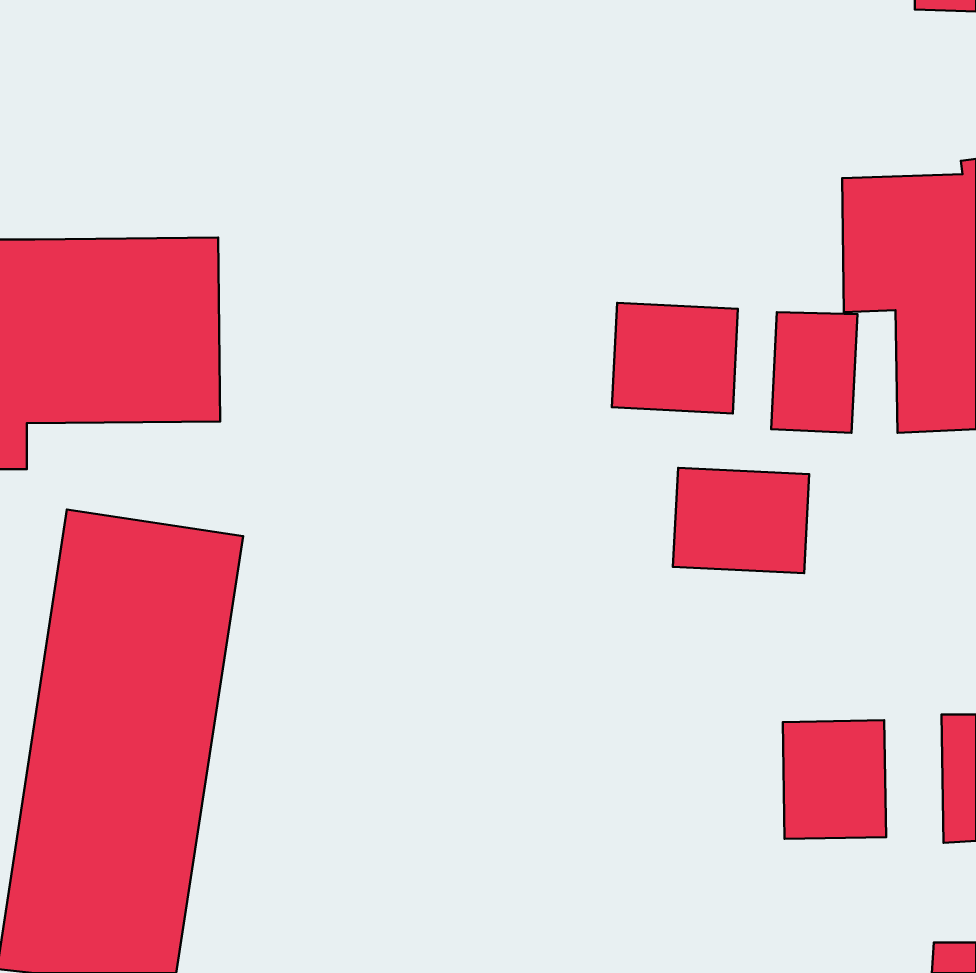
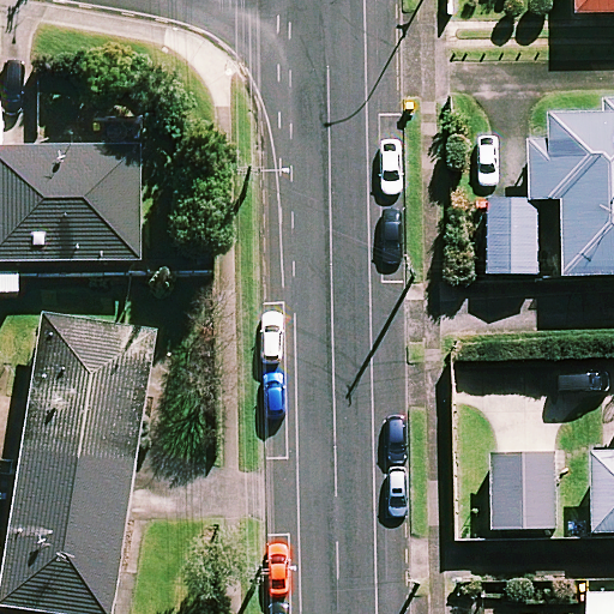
building: [612,303,738,413] -> none
building: [673,468,809,573] -> none

